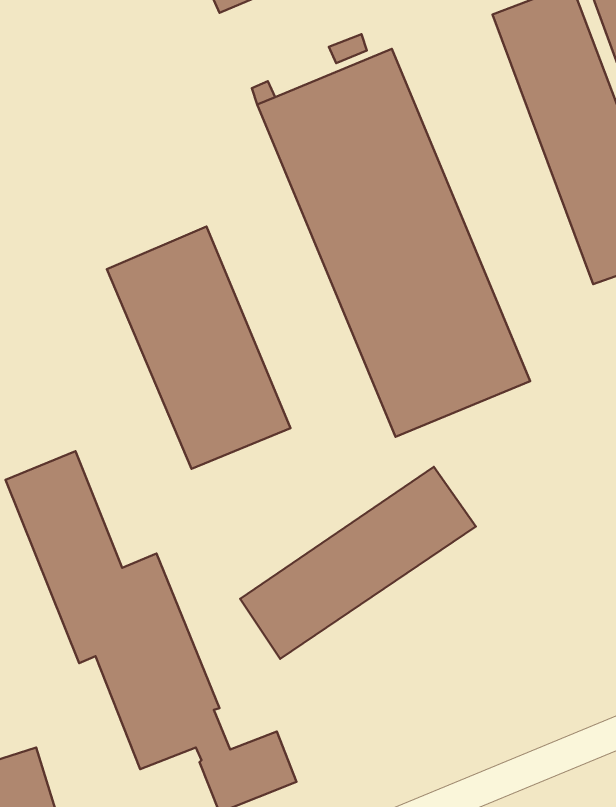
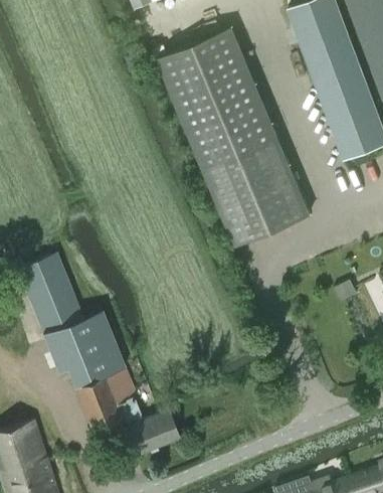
building: [107,226,290,469] -> none
building: [240,467,476,659] -> none

